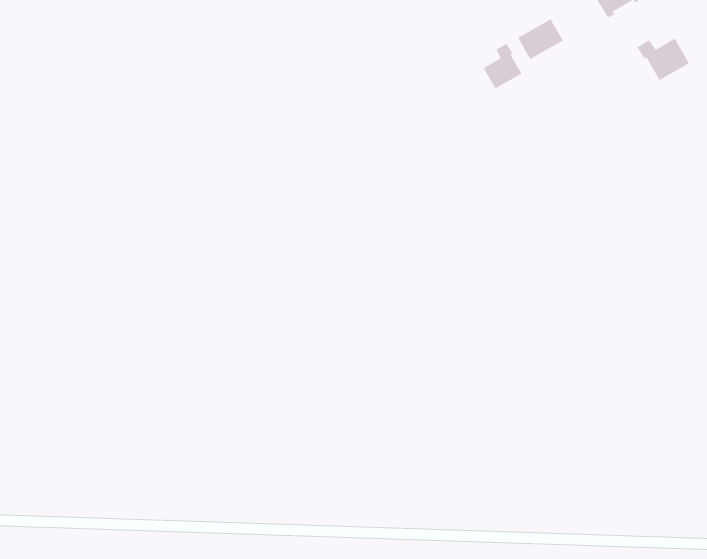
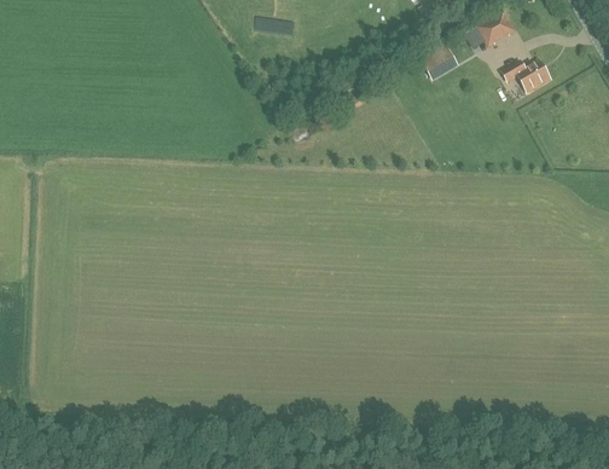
building: [482,37,522,90] -> none

